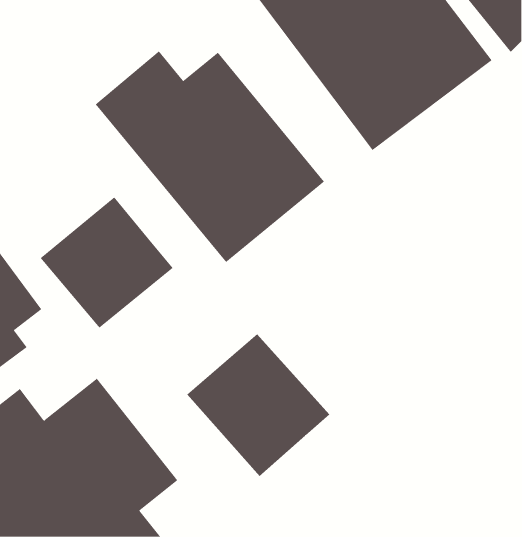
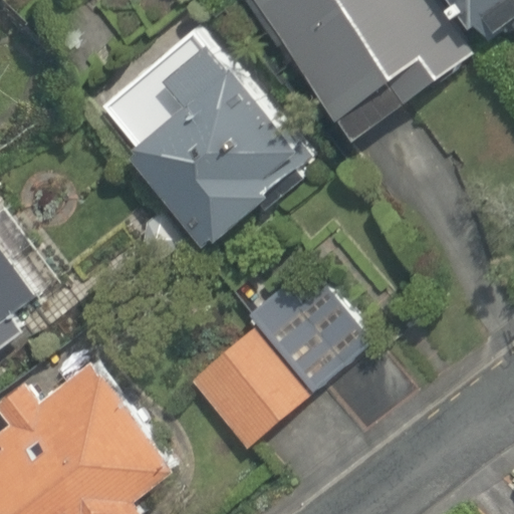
building: [40,196,174,329] -> none
building: none -> [232,265,388,395]

